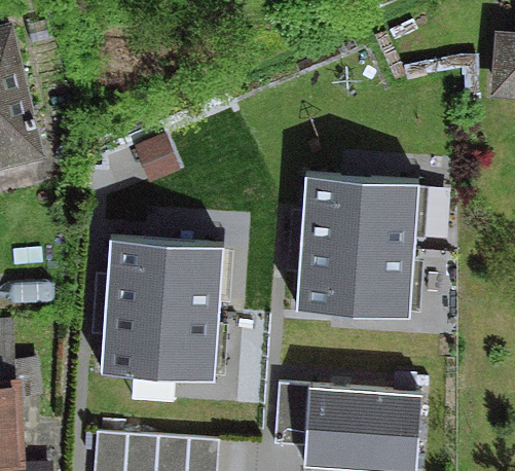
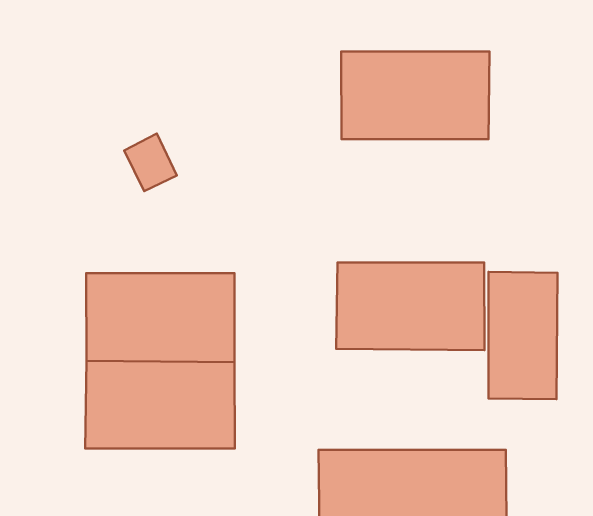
building: [301,176,418,250] -> [341,51,490,139]
building: none -> [489,272,557,399]

